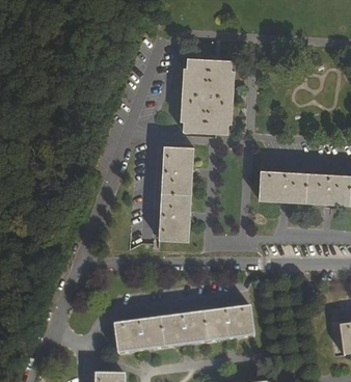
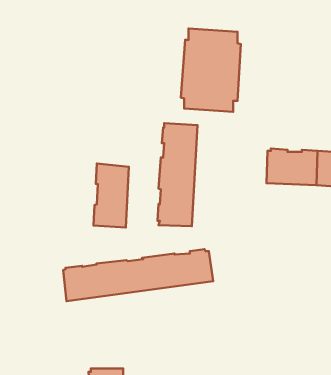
building: none -> [94,164,129,227]
building: [114,305,254,354] -> [63,249,213,301]

